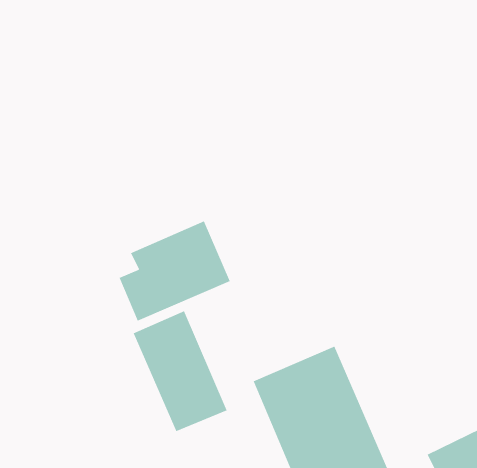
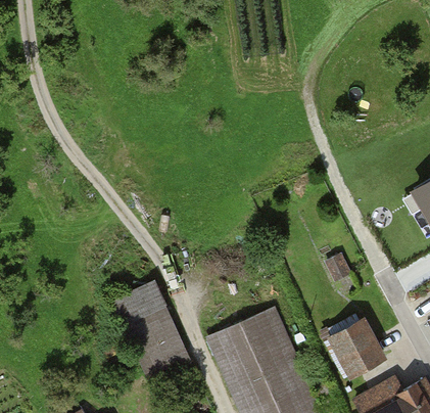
building: [119,220,231,321] -> none
building: none -> [324,320,384,379]

